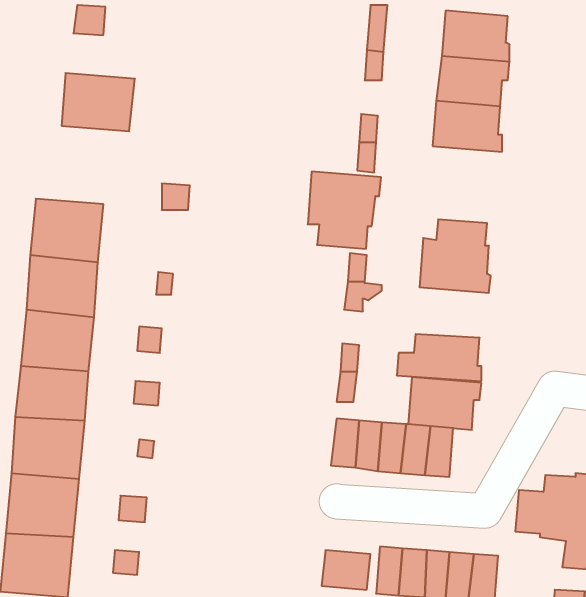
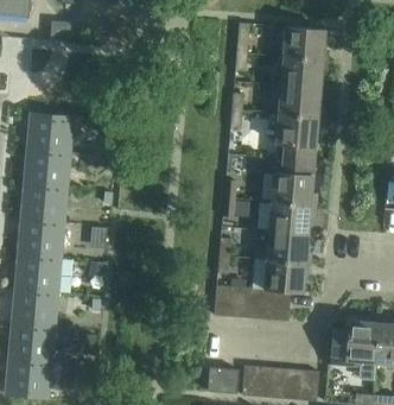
building: [62,73,135,131] -> [27,113,74,150]
building: [308,172,381,249] -> [275,113,322,162]
building: none -> [267,202,313,234]

